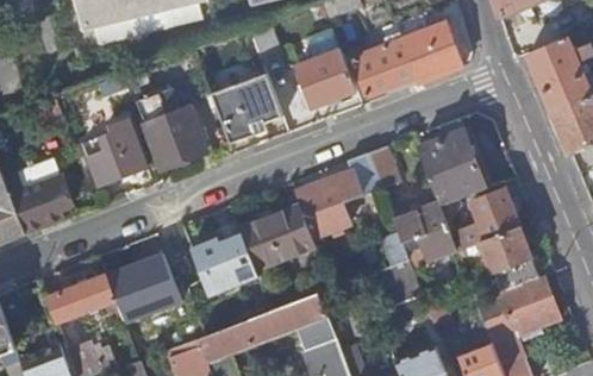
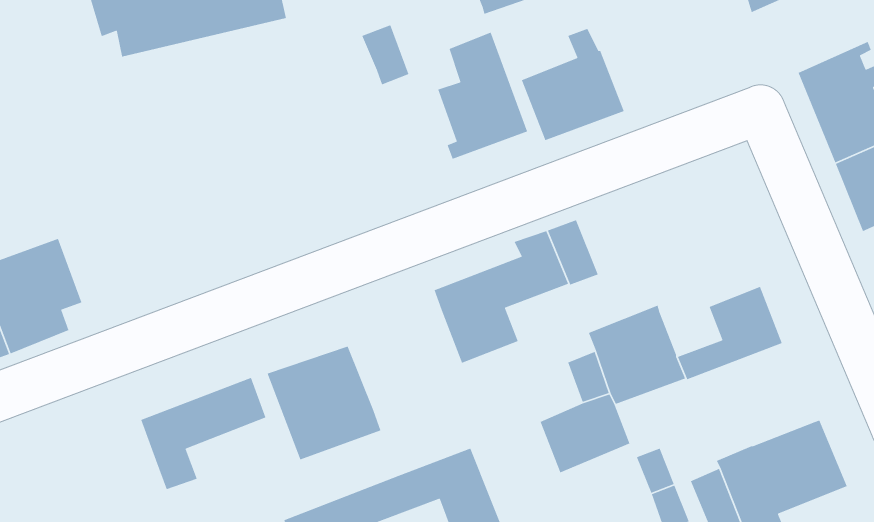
building: [393,12,461,82] -> none
building: [210,73,282,144] -> none
building: [137,87,204,165] -> none
building: [81,118,152,190] -> none
building: [417,130,486,206] -> none
building: [239,205,314,269] -> none
building: [456,226,538,292] -> none
building: [48,275,116,324] -> none

